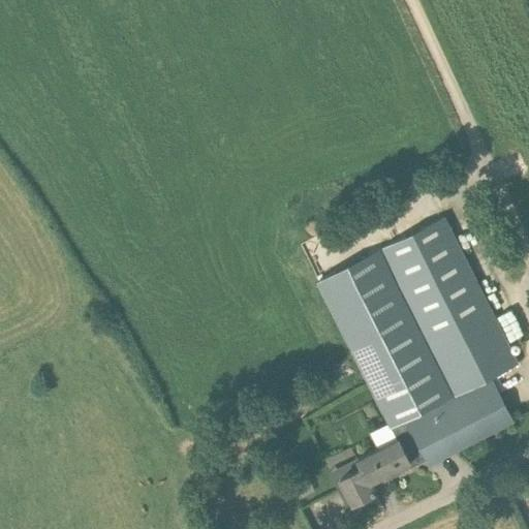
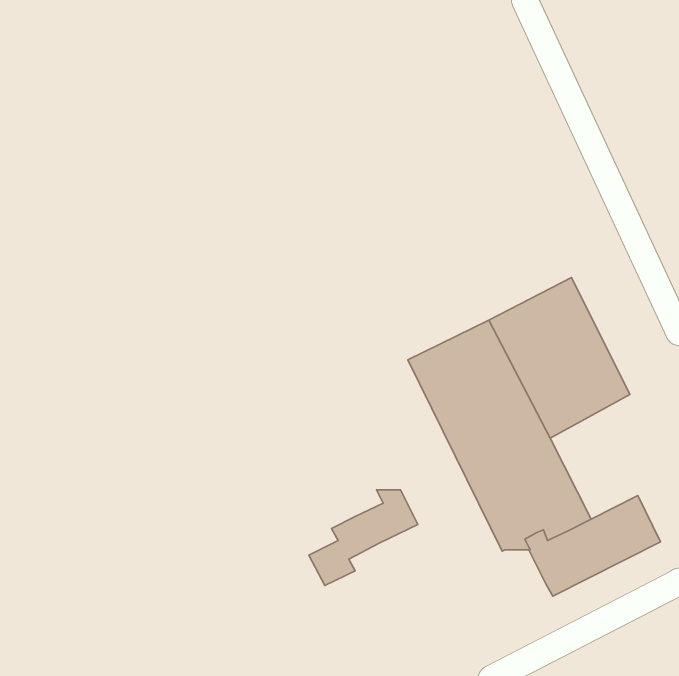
building: [428,309,518,406] -> none
building: [340,430,425,504] -> [309,490,418,586]

